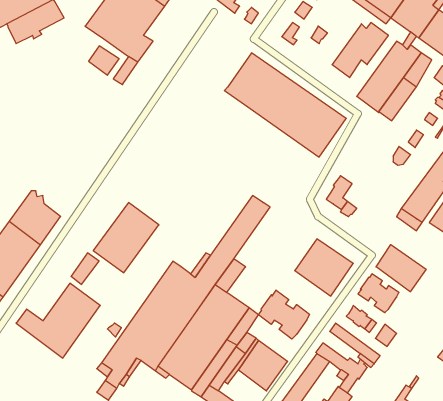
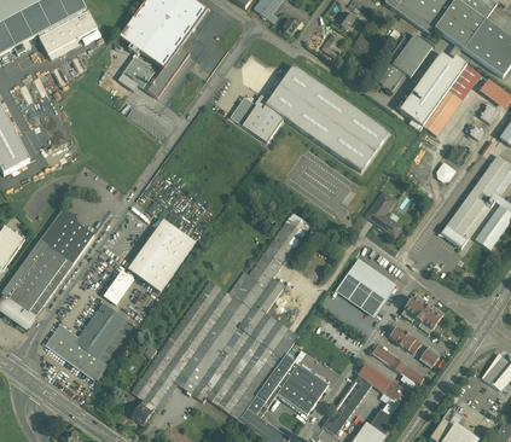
building: none -> [231,94,284,141]
building: [376,245,426,292] -> none
building: [258,290,310,339] -> none

